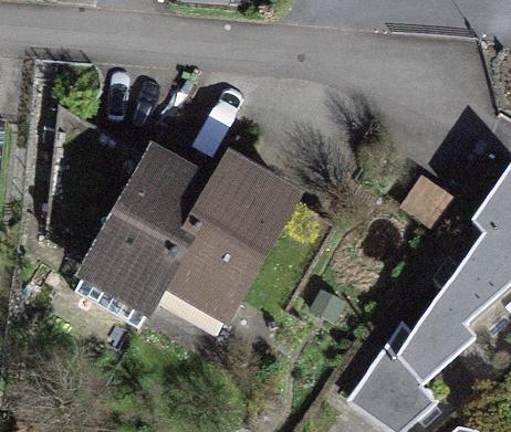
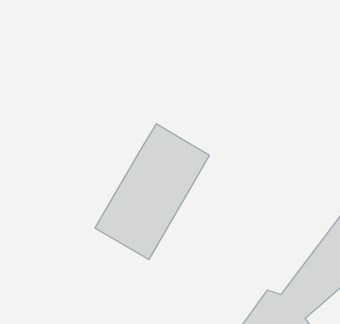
building: [79,146,218,310] -> none

